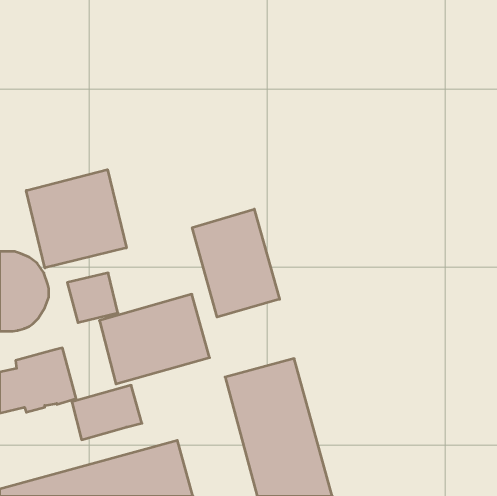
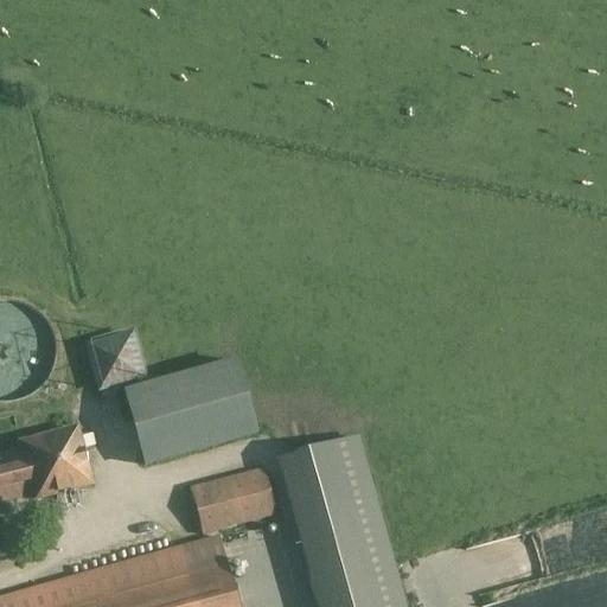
building: [26,170,126,268] -> none
building: [192,209,280,317] -> none
building: [72,385,142,440] -> [189,468,274,535]

